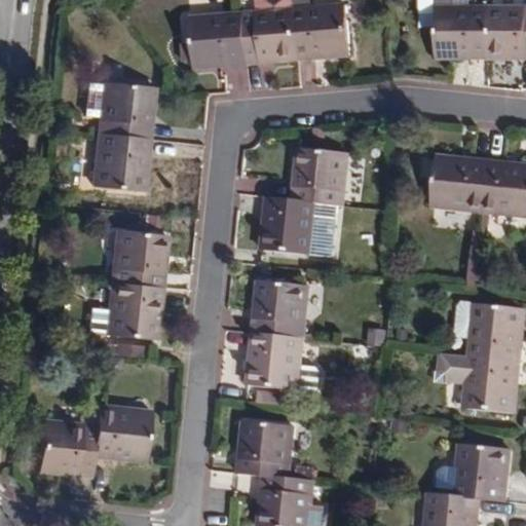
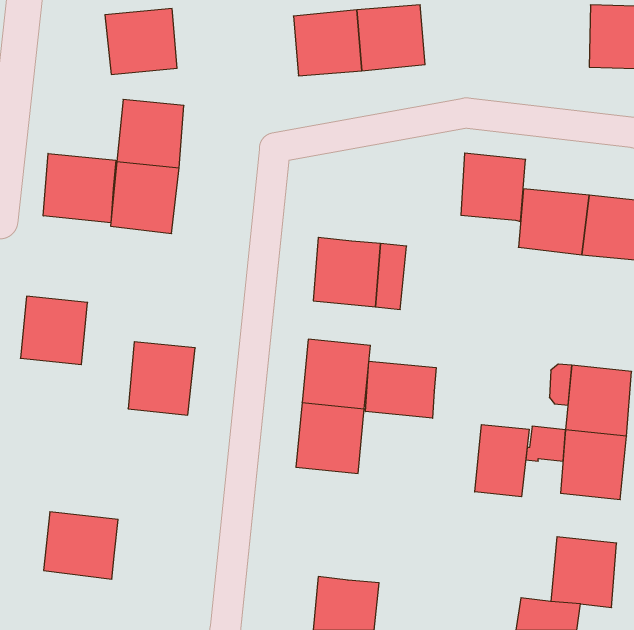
building: [434,4,489,55] -> none
building: [188,13,248,68] -> [105,9,177,74]
building: none -> [43,153,116,223]
building: [292,148,345,204] -> [461,153,526,222]
building: [112,231,167,288] -> [20,296,88,365]
building: none -> [365,361,436,418]
building: none -> [475,425,529,497]
building: [96,407,152,463] -> none
building: [238,422,294,480] -> none

